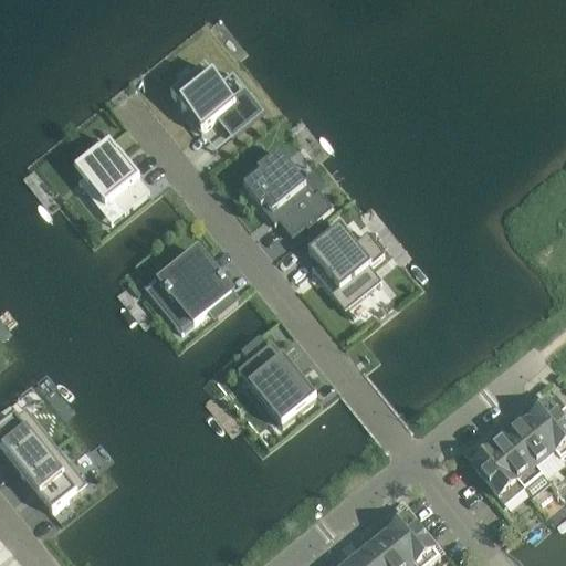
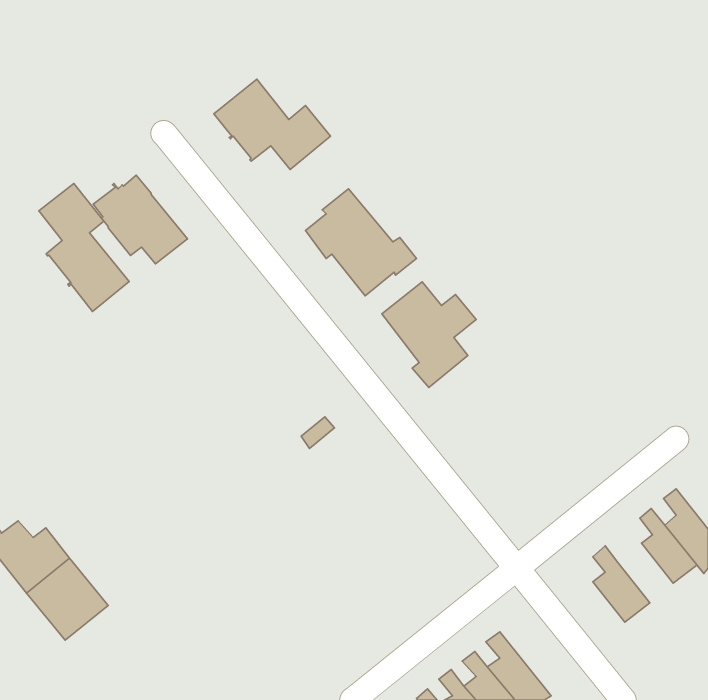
building: none -> [39,183,129,311]
building: [160,249,231,331] -> none
building: [245,340,314,428] -> none
building: [491,420,542,486] -> none

